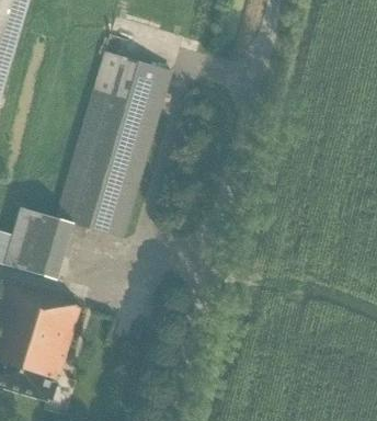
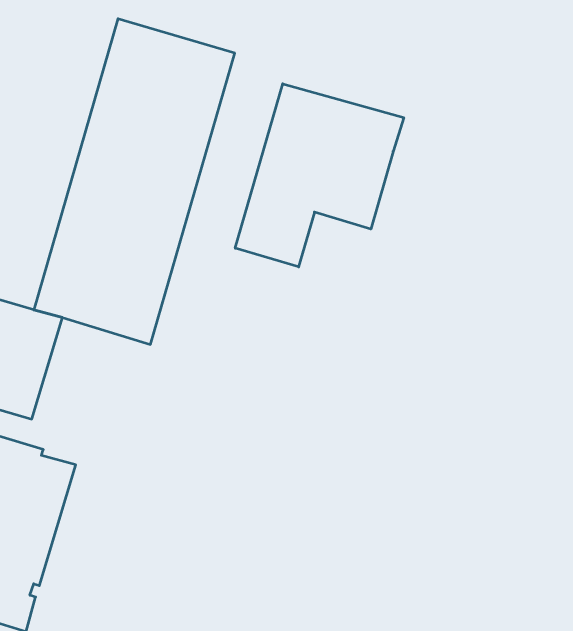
building: none -> [235,84,404,267]

